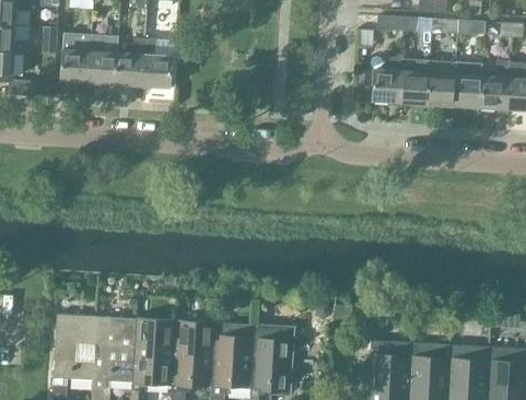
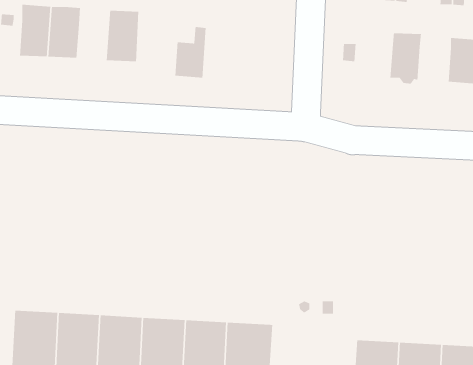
building: [114,37,143,85] -> [175,26,207,78]
building: [374,52,405,102] -> none
building: [428,60,457,108] -> none

